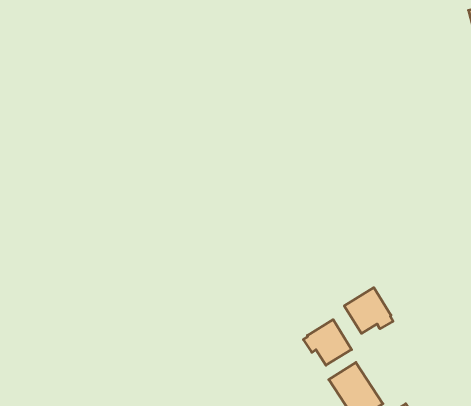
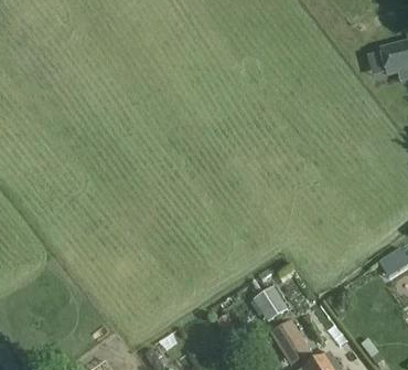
building: [344,288,393,333] -> none

